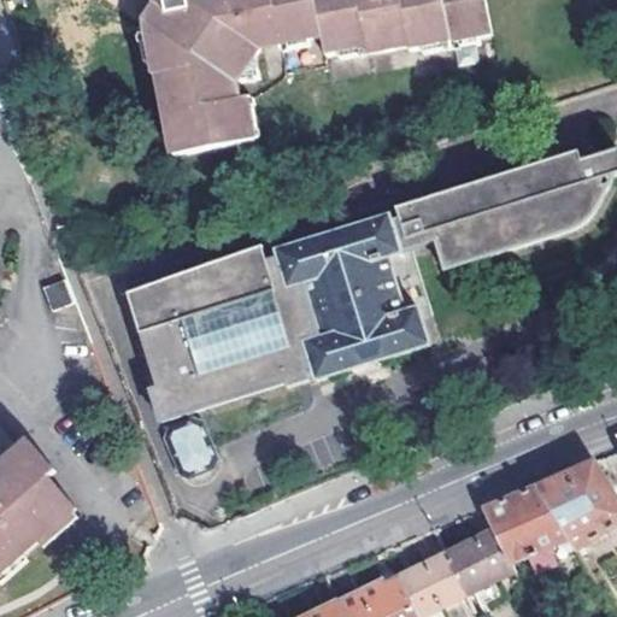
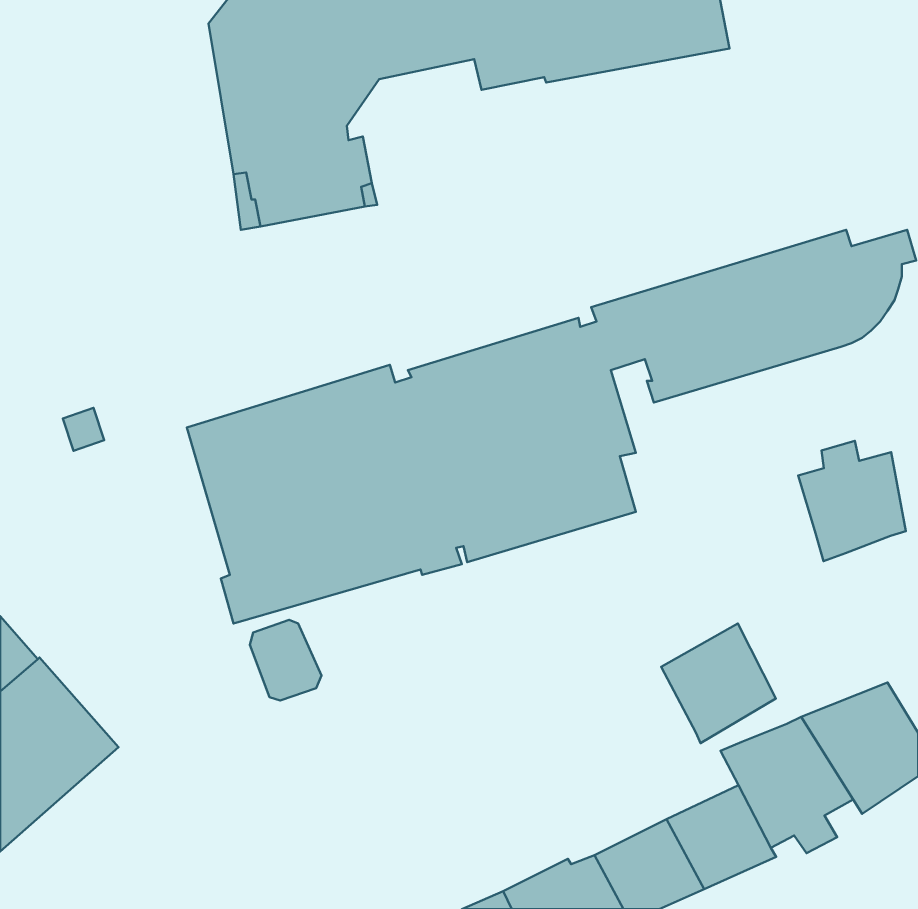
building: none -> [798,441,906,561]
building: none -> [661,623,776,743]

